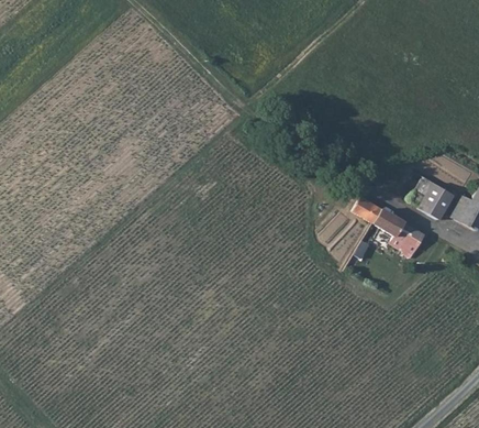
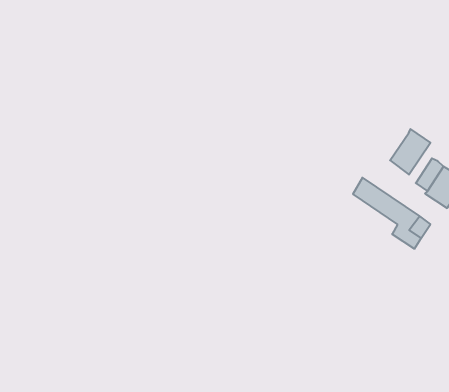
building: none -> [390,129,430,175]

